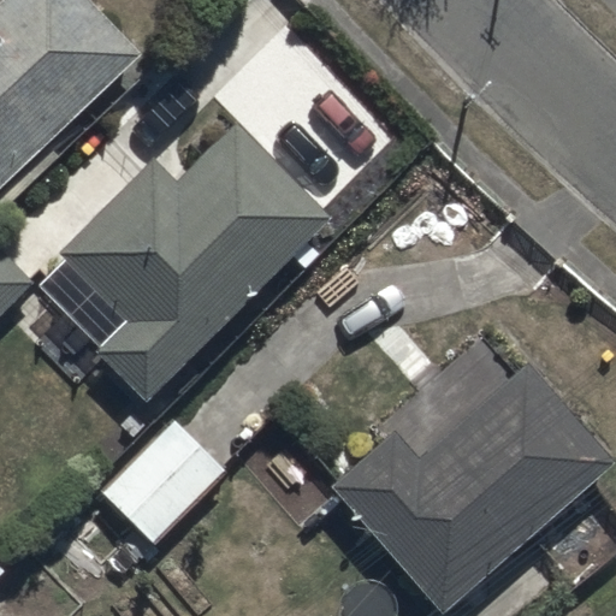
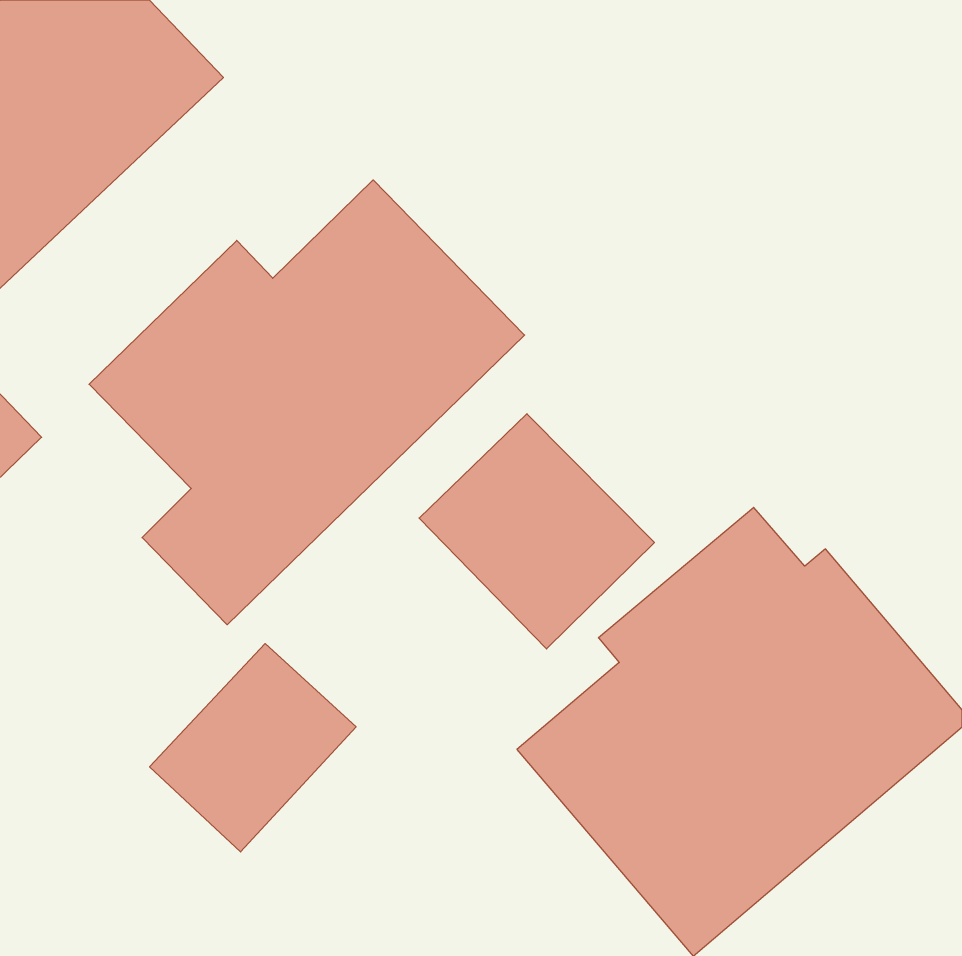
building: none -> [419,414,654,649]

